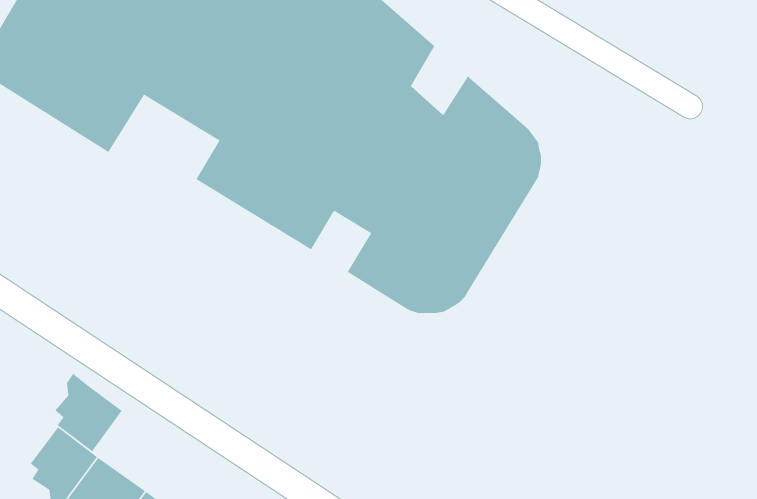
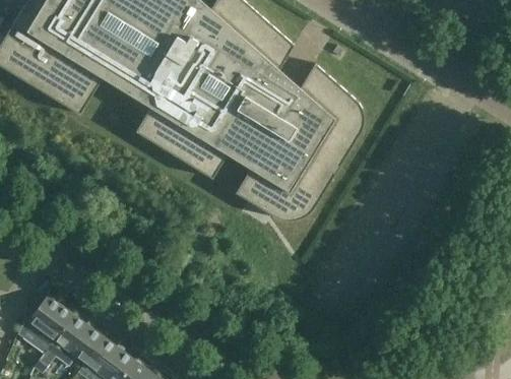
building: [55,373,123,452] -> none

